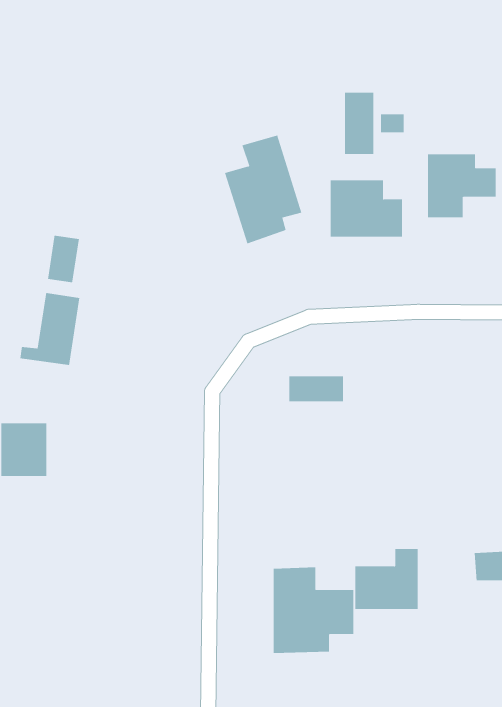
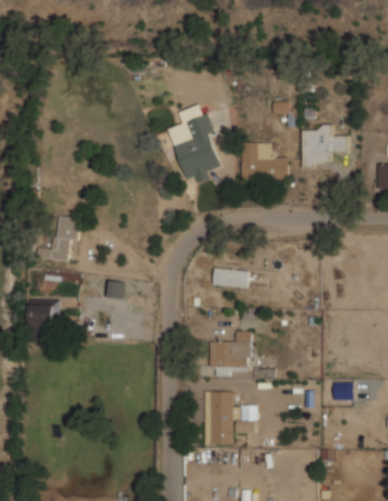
building: [345,92,374,155] -> none
building: [47,235,79,283] -> none
building: [354,549,419,609] -> [209,331,250,370]

